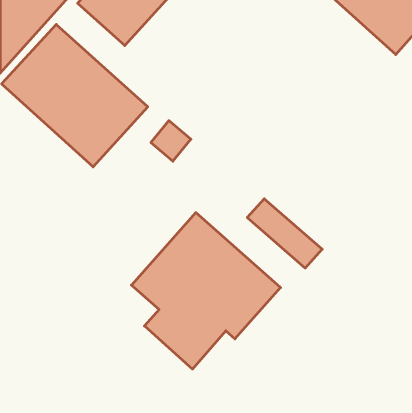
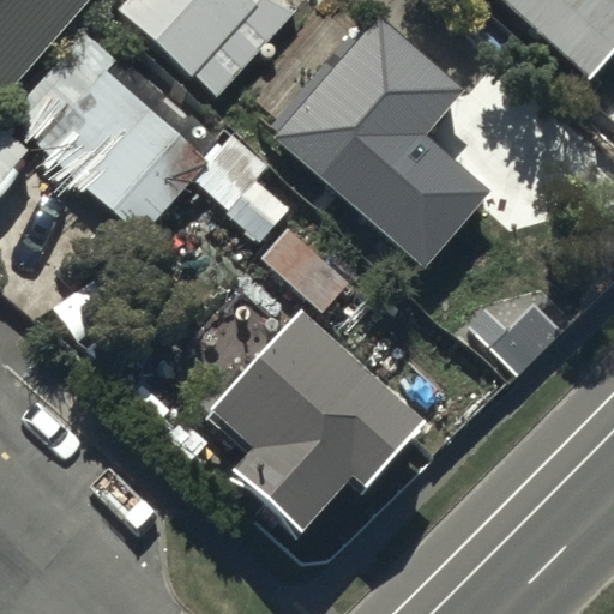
building: none -> [275,17,493,265]

